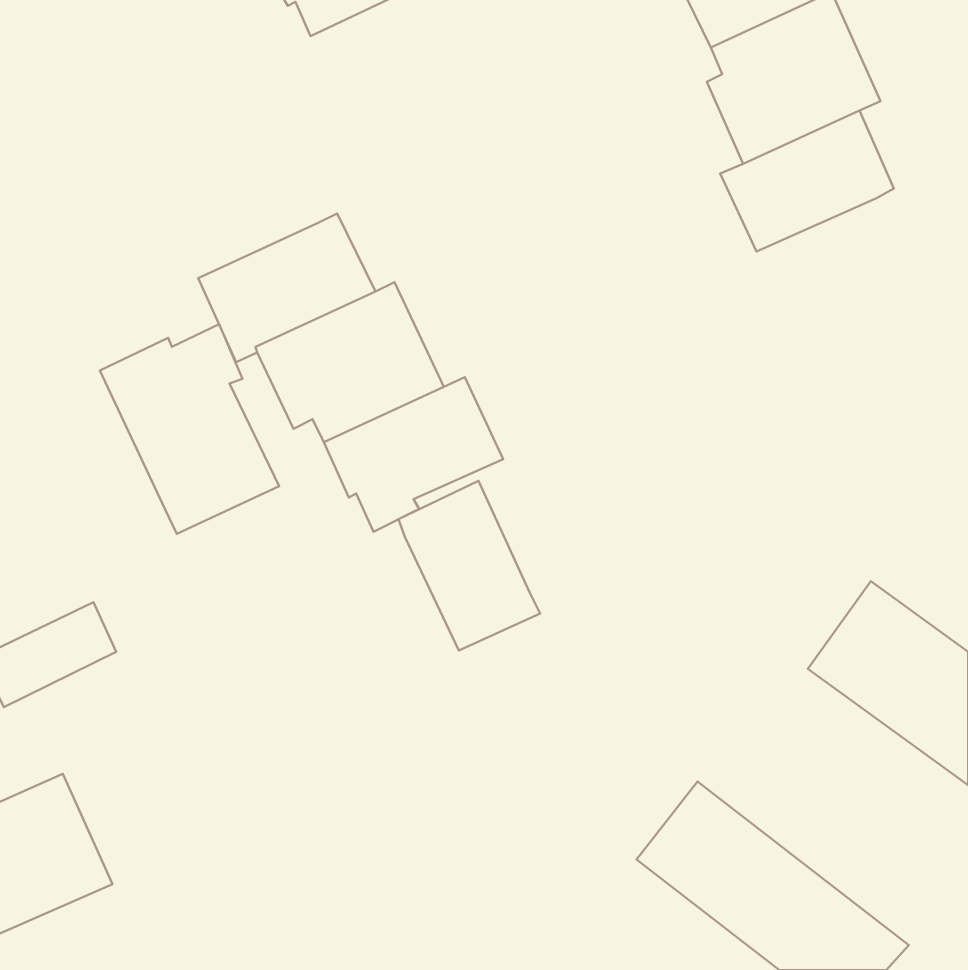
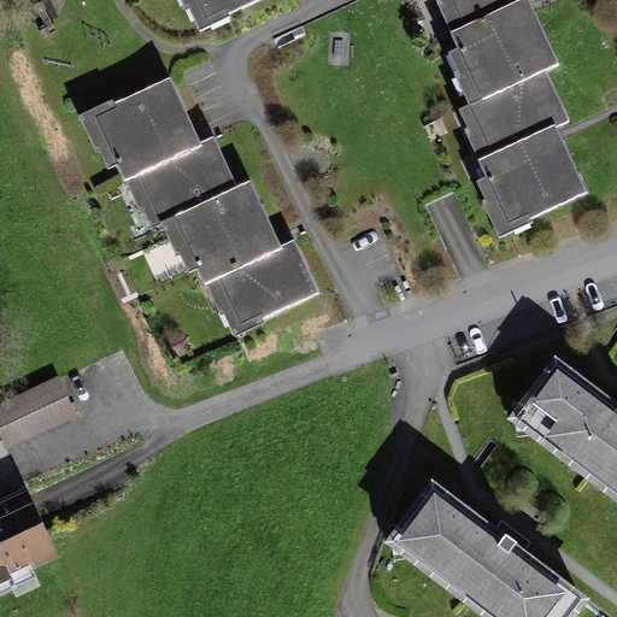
building: none -> [80,72,201,176]
building: none -> [474,125,583,237]
building: [100,324,279,534] -> none
building: [399,481,540,650] -> none

